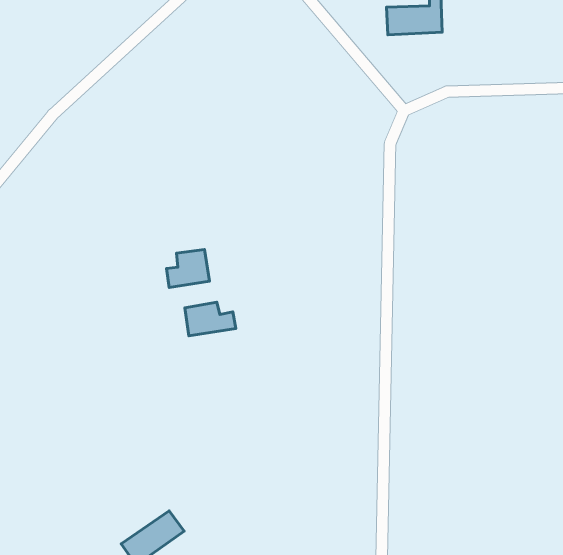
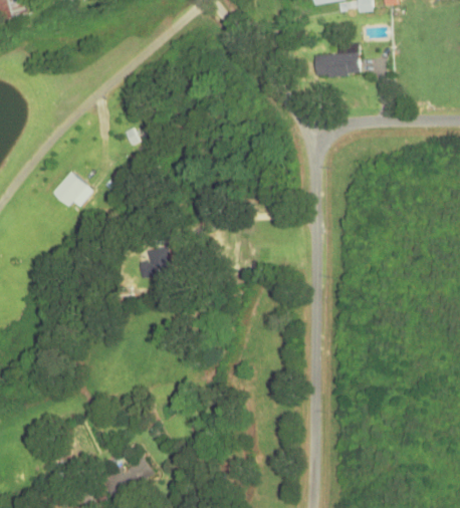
building: none -> [52,171,86,206]
building: [185,302,236,336] -> none

